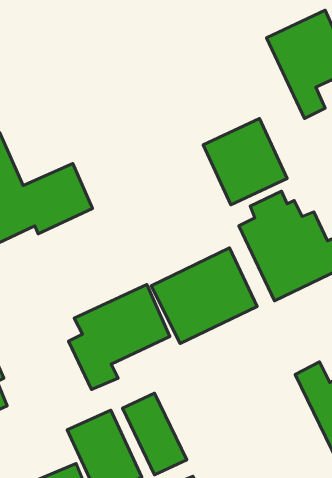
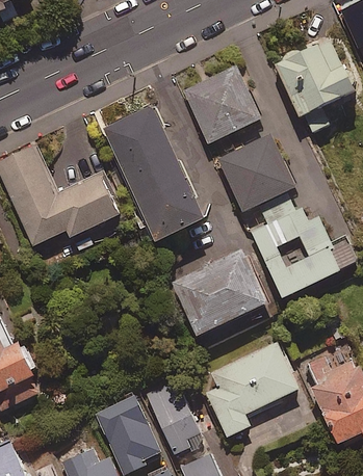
building: none -> [183,67,260,142]
building: none -> [102,105,204,241]
building: [69,285,170,390] -> [205,342,296,437]

